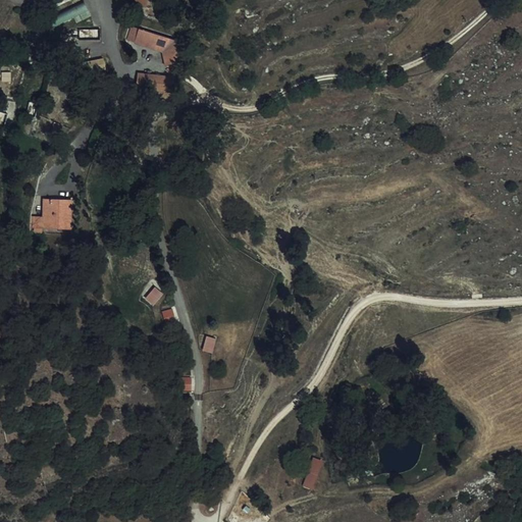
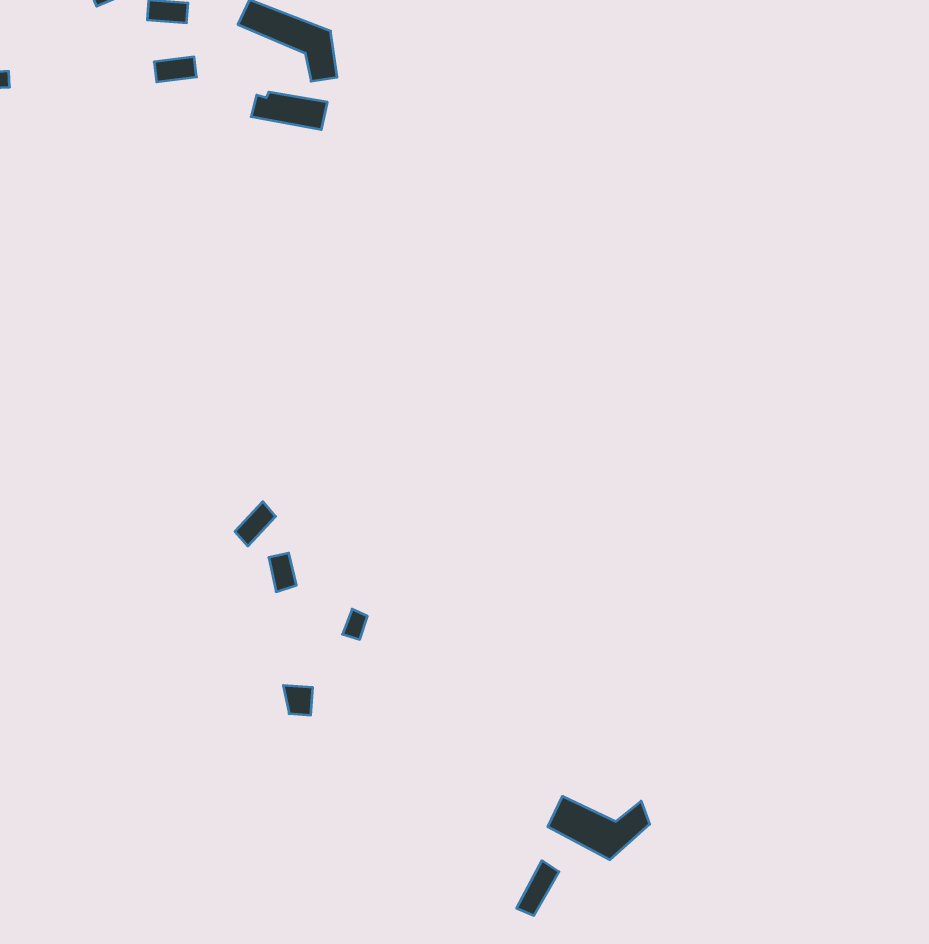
building: [31,200,71,233] -> none
building: none -> [548,796,650,860]

